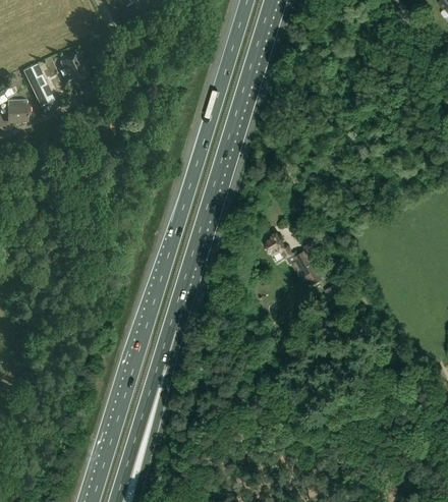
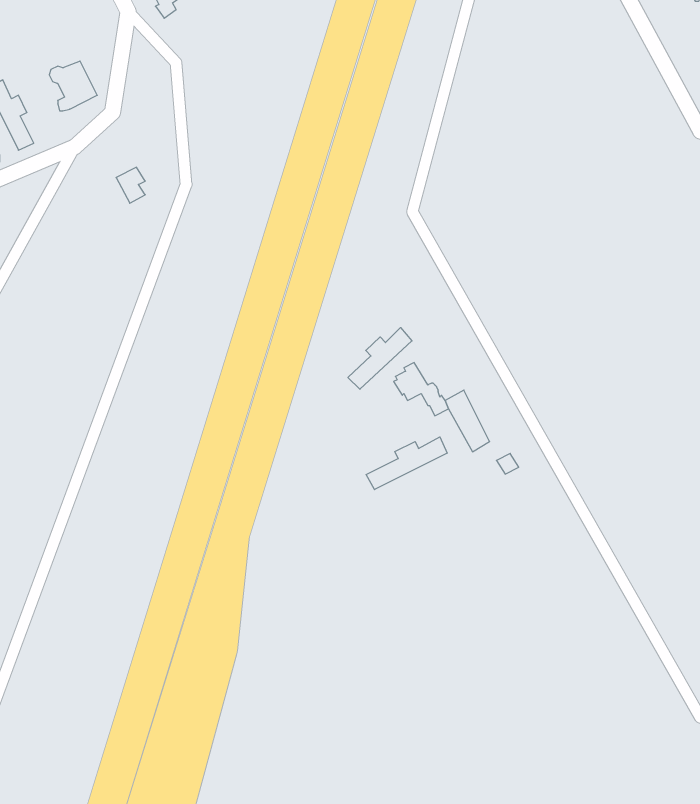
building: none -> [348,328,412,389]
building: none -> [366,437,447,490]

